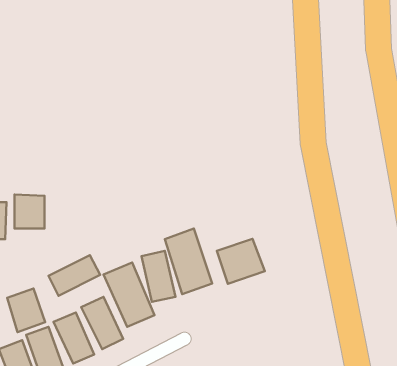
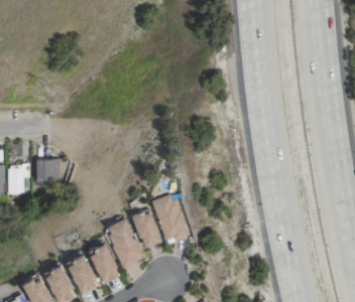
building: [217,239,265,284] -> none
building: [48,255,100,296] -> none
building: [7,289,45,332] -> none

